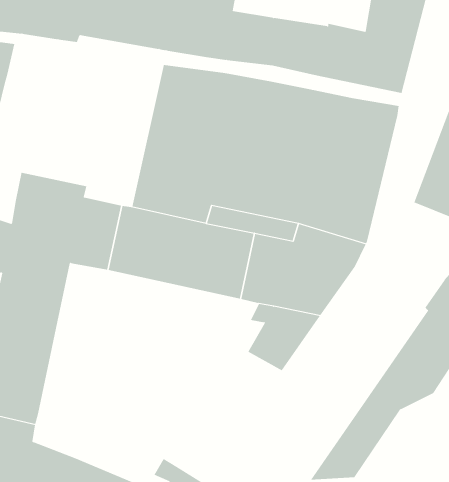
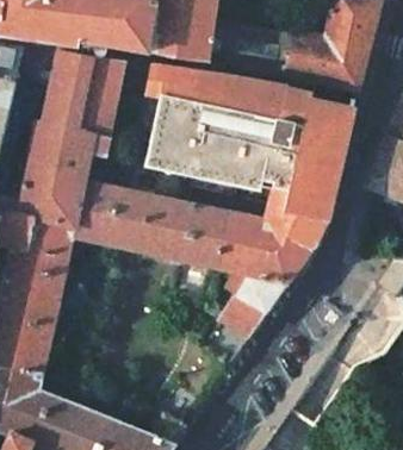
building: none -> [29,51,125,171]

